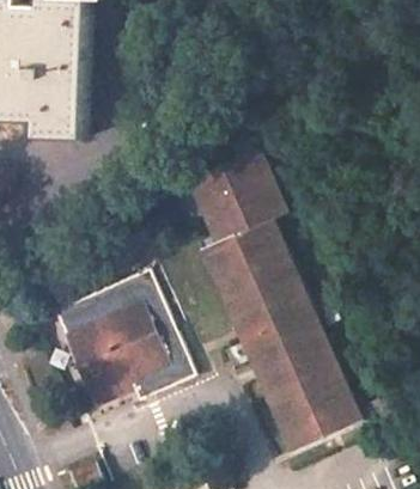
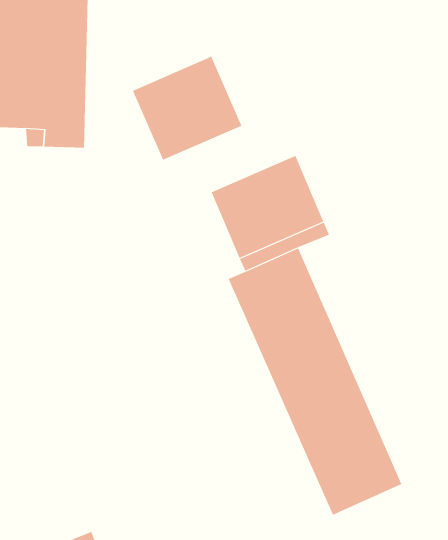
building: none -> [132,56,242,161]
building: [63,275,193,405] -> none

